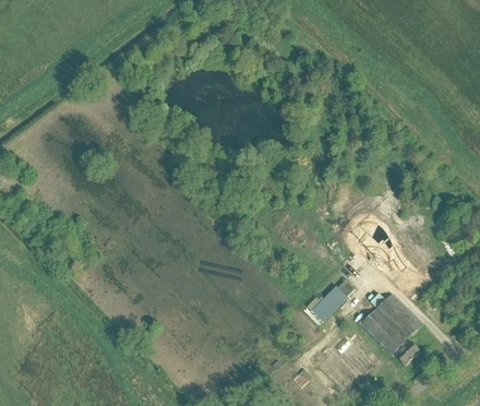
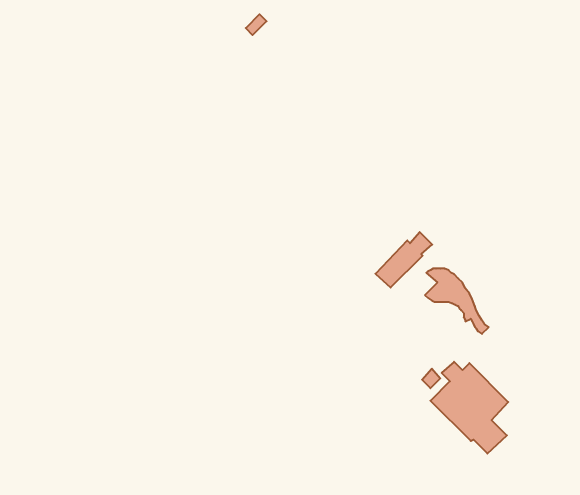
building: [310,279,355,323] -> [375,232,432,288]

